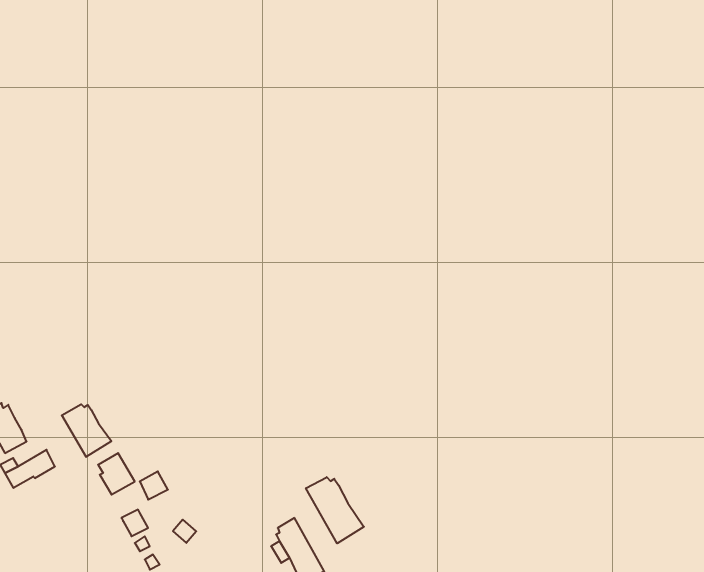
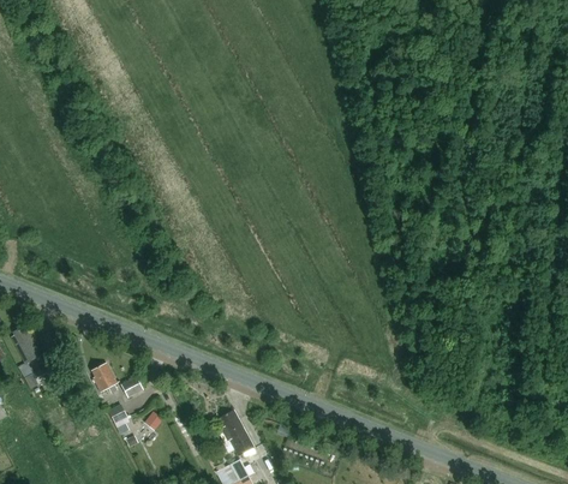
building: [62,404,111,457] -> none
building: [306,477,364,543] -> none

